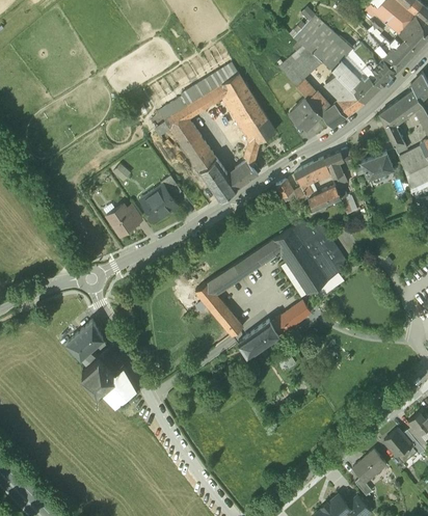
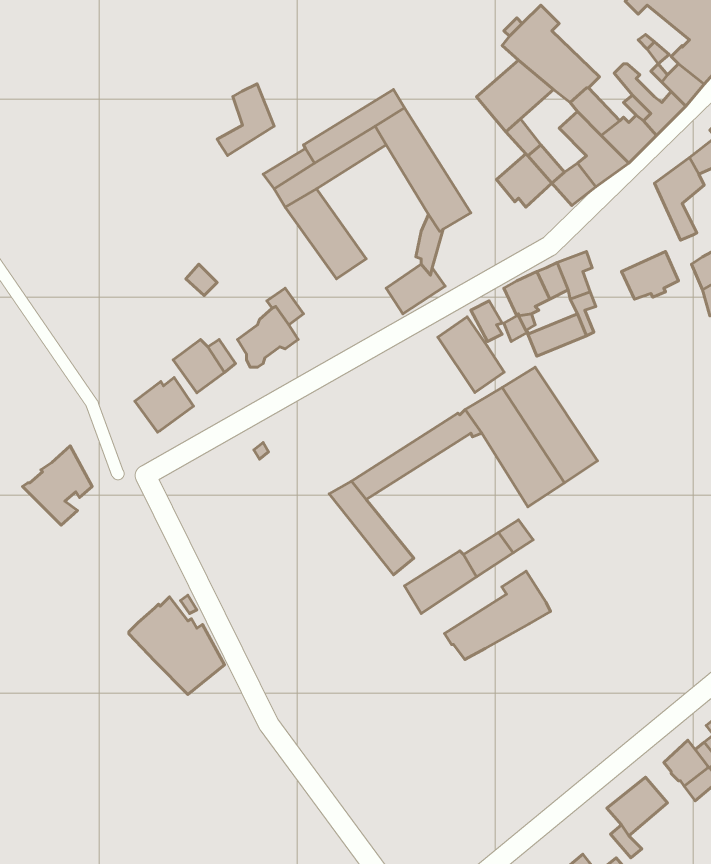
building: none -> [217,84,274,156]
building: [199,158,237,200] -> [438,317,504,392]
building: none -> [135,378,193,432]
building: [65,319,105,363] -> [22,446,92,525]
building: none -> [444,571,550,659]

